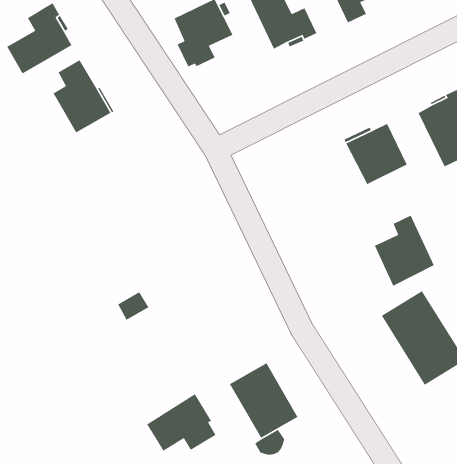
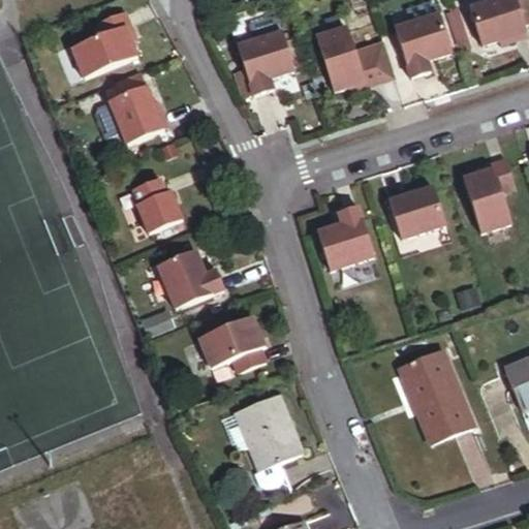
building: none -> [130,179,180,234]
building: [374,214,435,287] -> [318,203,375,271]
building: none -> [155,251,221,310]
building: [146,393,217,452] -> [196,316,263,372]

